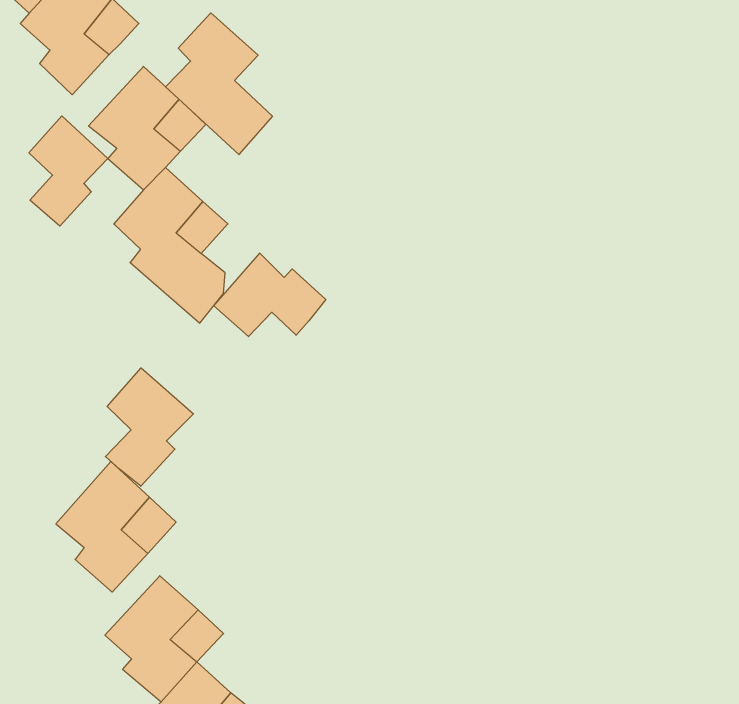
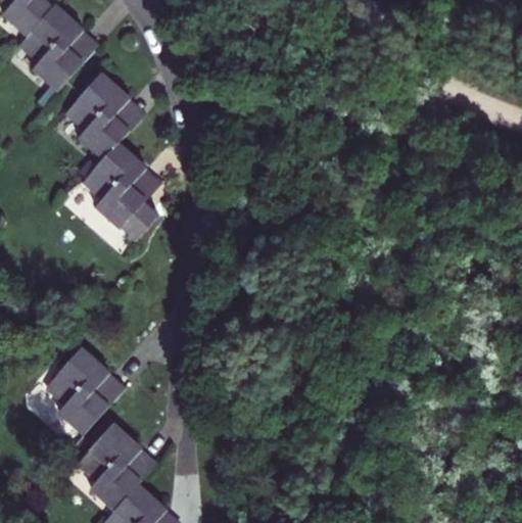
building: [166,13,272,155] -> none
building: [29,116,108,226] -> none
building: [214,253,326,337] -> none
building: [105,368,193,486] -> none

